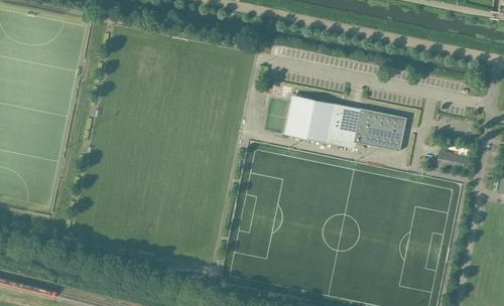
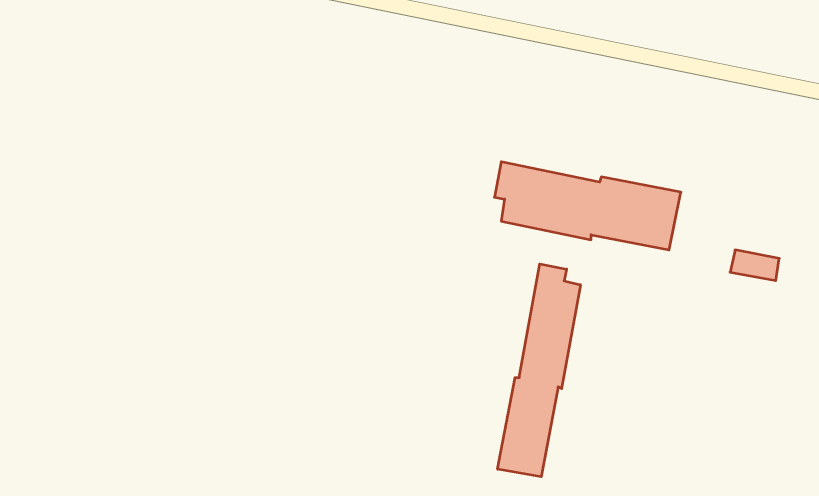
building: none -> [498,264,580,477]

